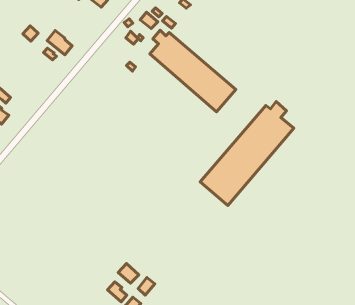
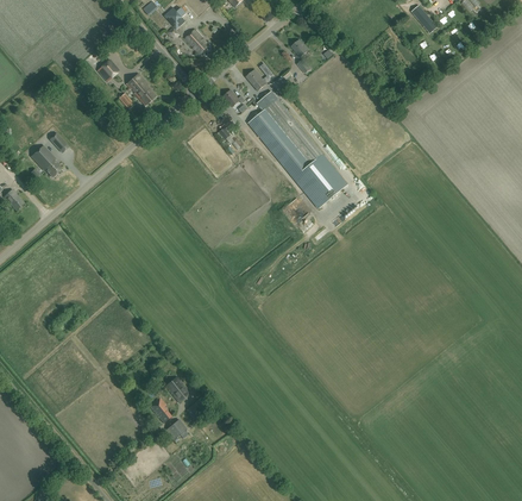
building: [200,101,294,206] -> none

